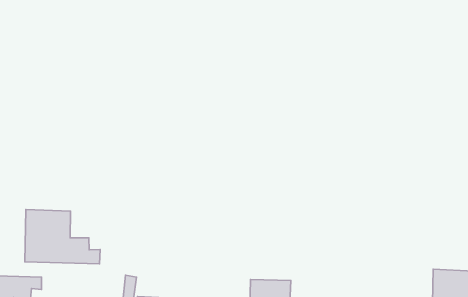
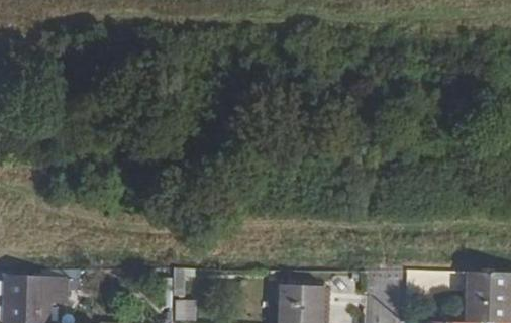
building: [25,210,100,264] -> none

